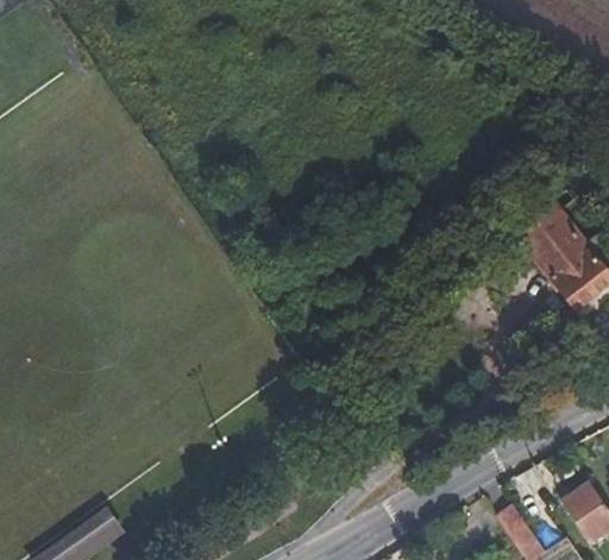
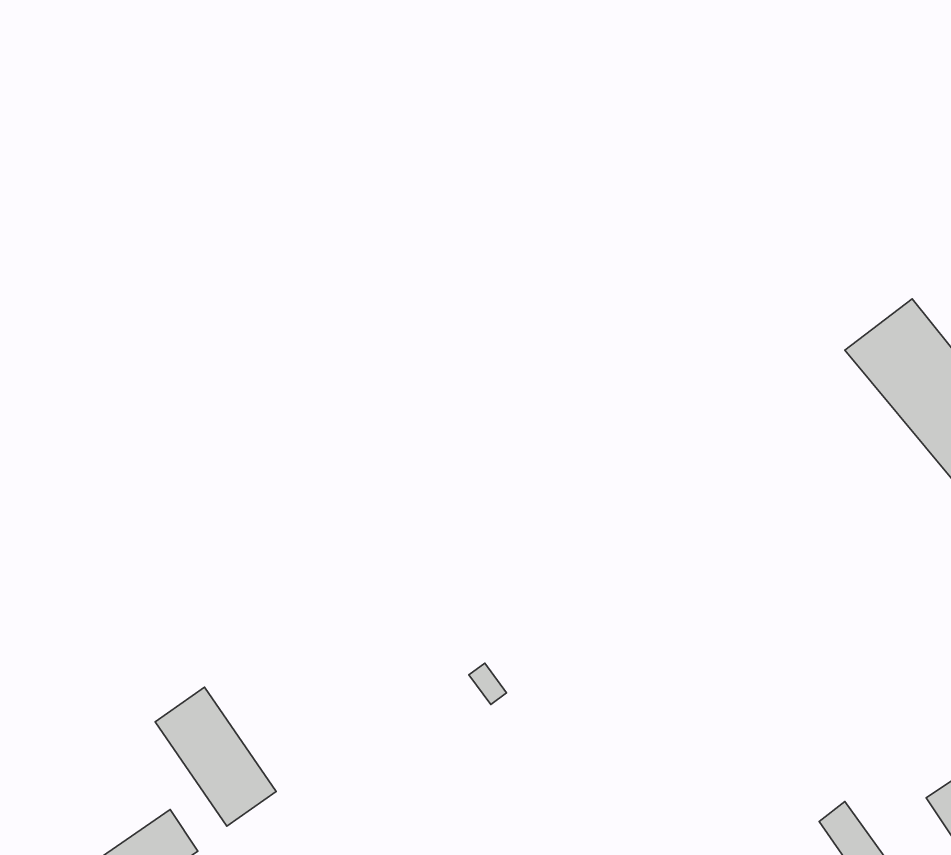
building: none -> [155,687,276,826]

